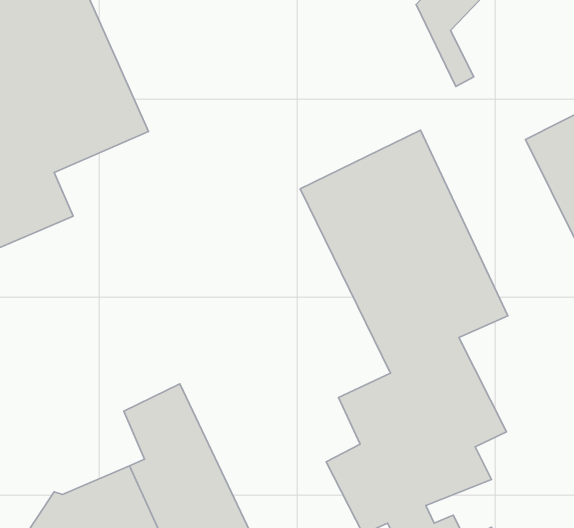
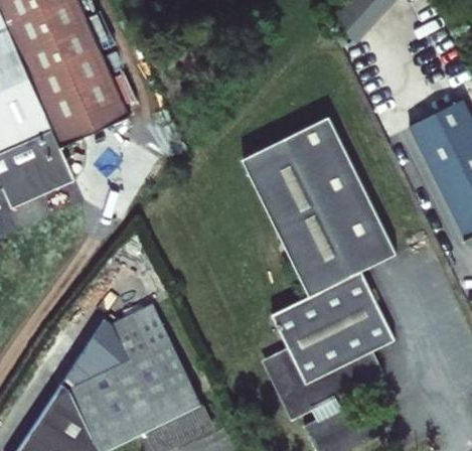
building: none -> [60,318,127,385]

